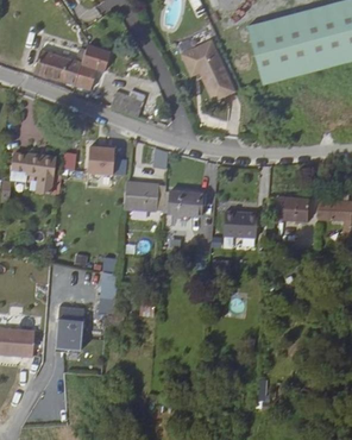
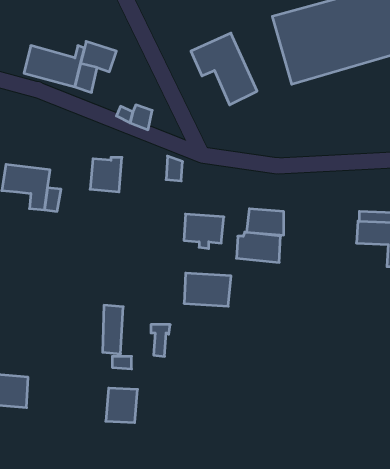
building: [127,181,168,209] -> [184,273,231,306]
building: [276,199,308,221] -> [247,209,284,235]
building: [58,321,86,351] -> [106,388,138,423]

